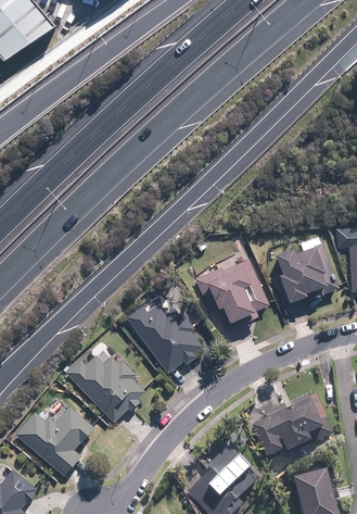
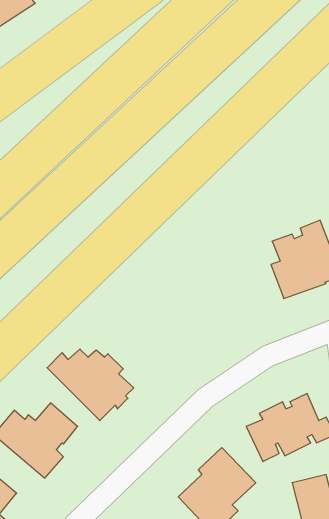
building: [195,256,269,321] -> none
building: [127,302,203,371] -> none

